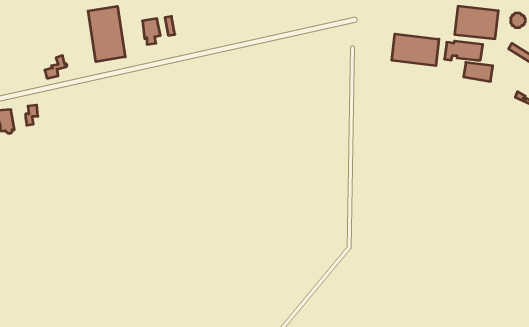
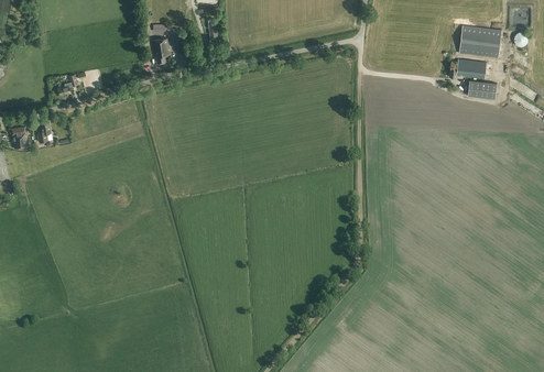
building: [88,6,125,62] -> none
building: [392,34,439,66] -> none

